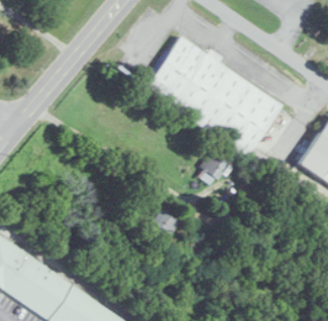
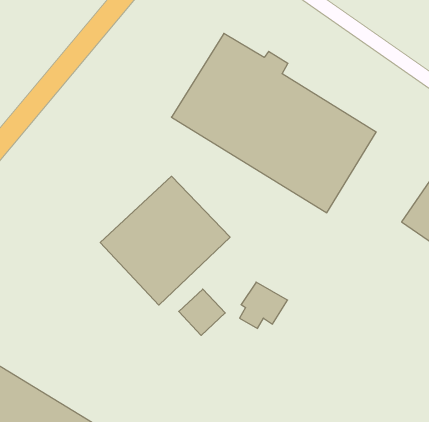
building: none -> [100,176,230,305]
building: [199,152,231,183] -> [240,282,288,328]

